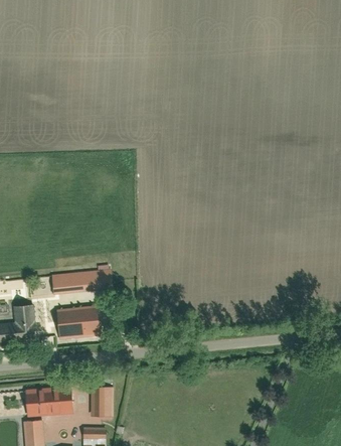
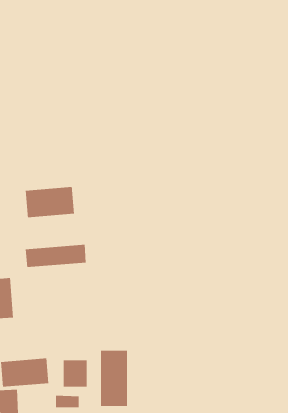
building: none -> [25,186,75,218]
building: [54,307,101,338] -> none
building: none -> [101,350,127,407]

